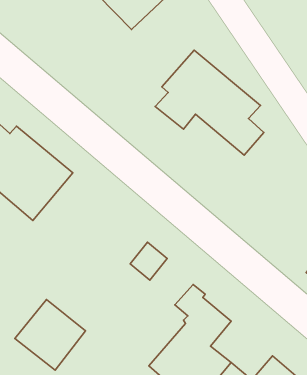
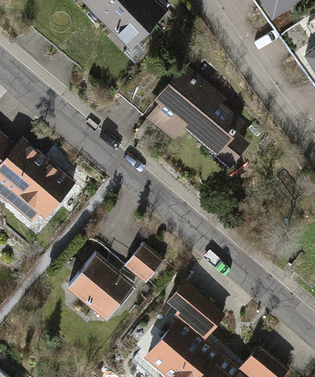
building: [15,300,85,370] -> [67,250,132,315]

